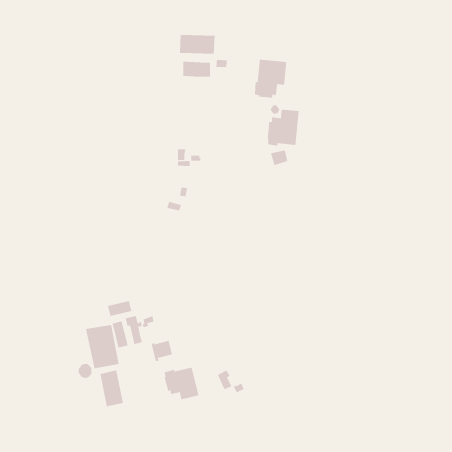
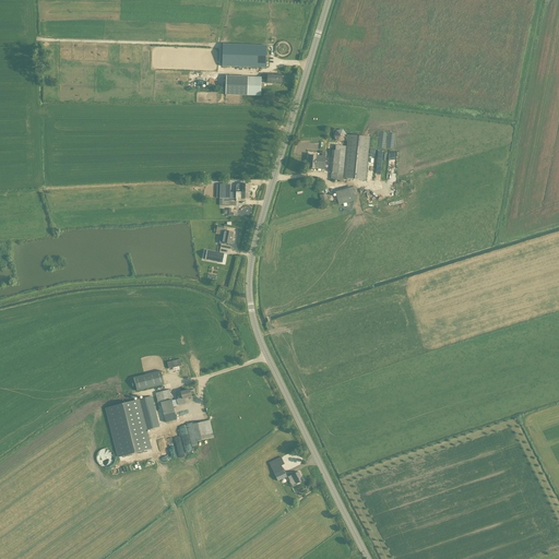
building: [254,59,287,99] -> none
building: [164,367,199,400] -> none
building: [100,370,123,407] -> none

